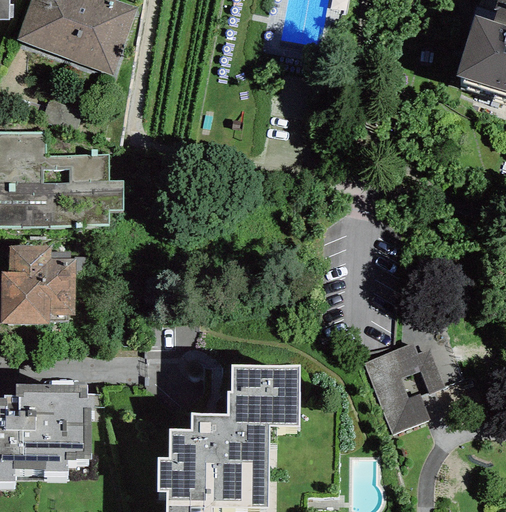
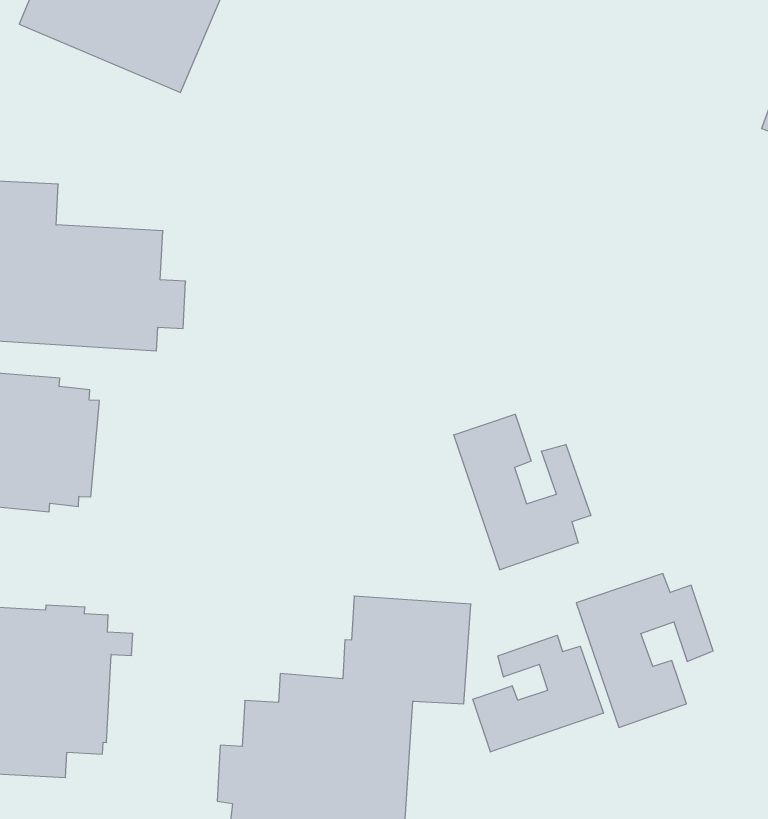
building: none -> [454,414,591,570]
building: none -> [473,635,603,752]

